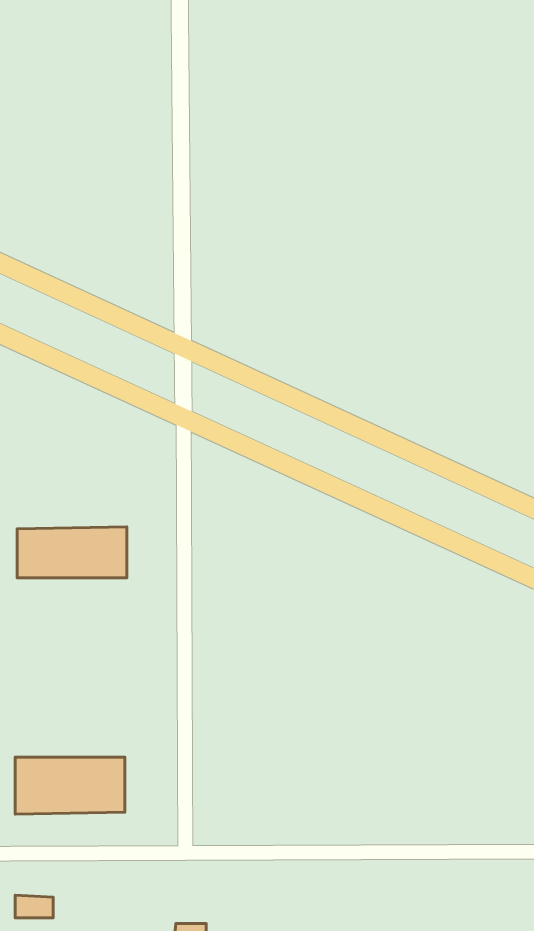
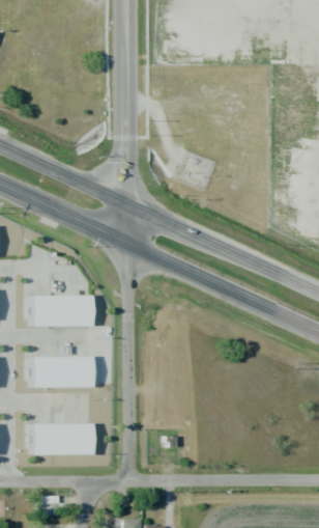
building: none -> [36,357,94,387]

